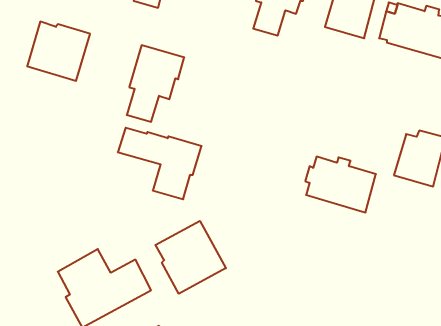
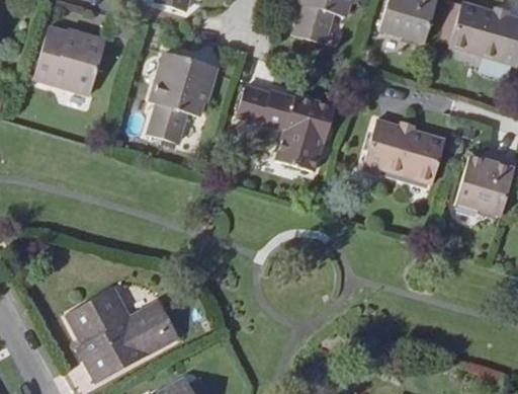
building: [118,128,202,199] -> [237,86,334,169]
building: [305,157,376,212] -> [364,120,446,184]
building: [155,221,226,294] -> none

